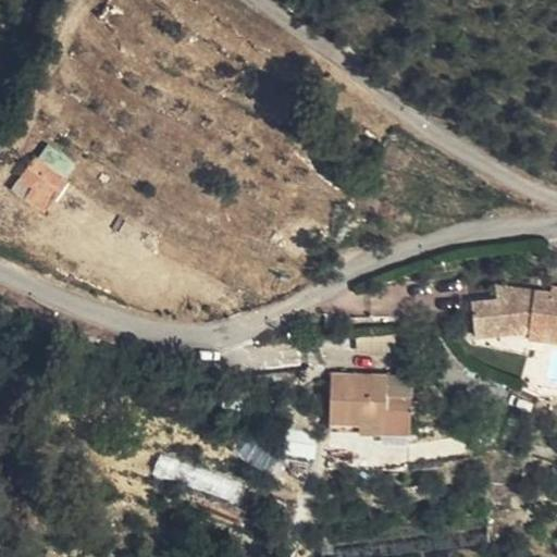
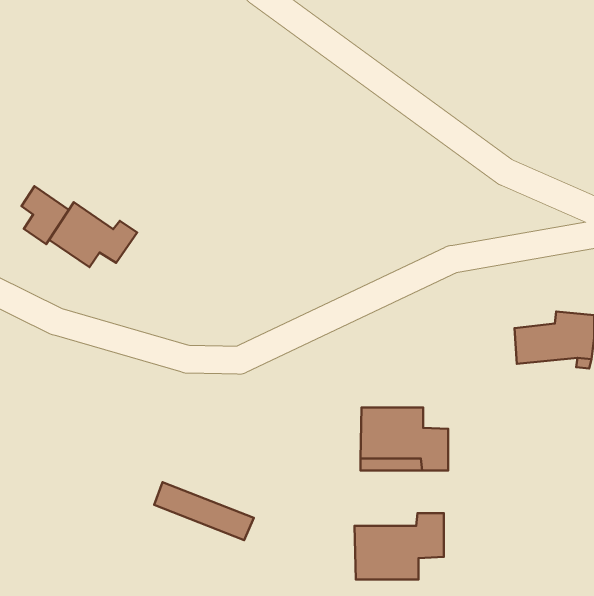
building: none -> [49,202,137,267]
building: none -> [355,513,444,579]

